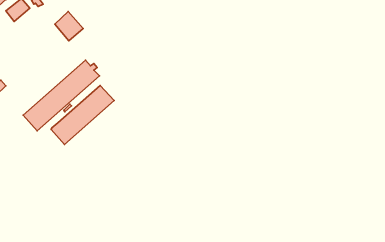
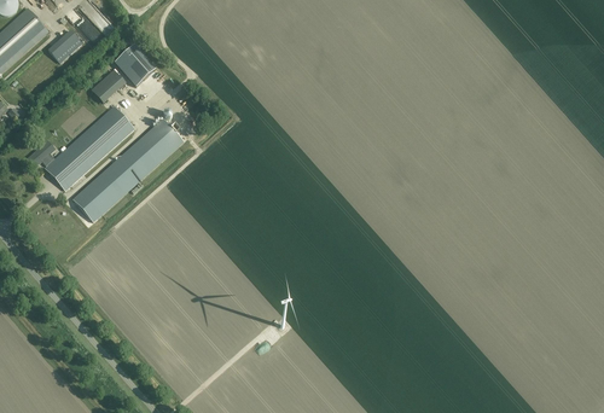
building: none -> [88,69,124,103]
building: [51,85,114,145] -> [45,104,137,190]

